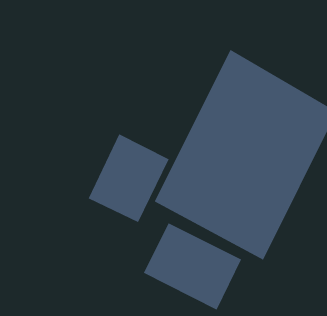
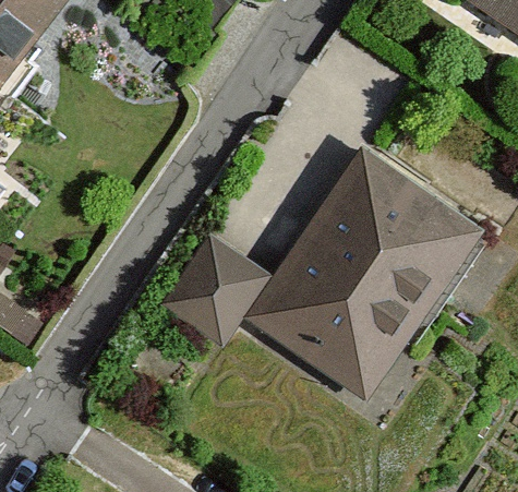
building: [143,223,242,311] -> none

